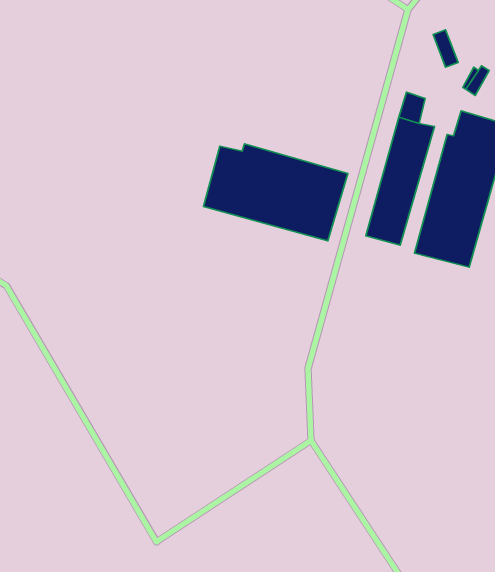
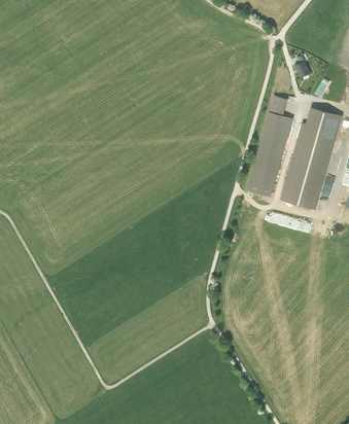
building: [203,144,348,241] -> none

